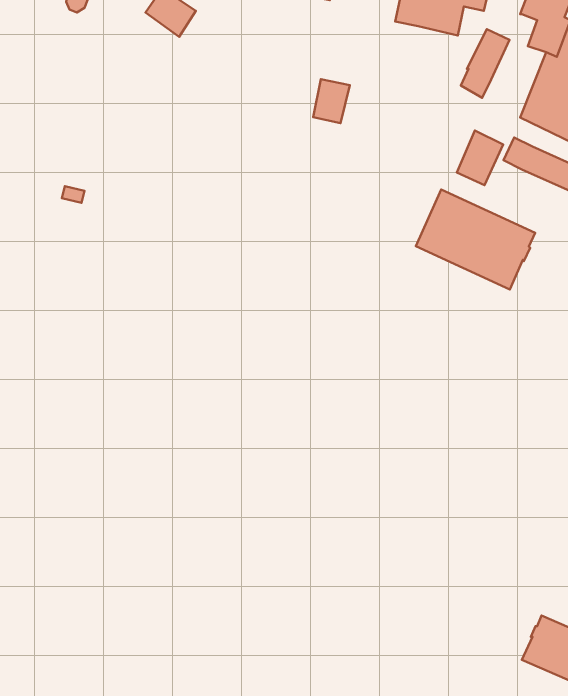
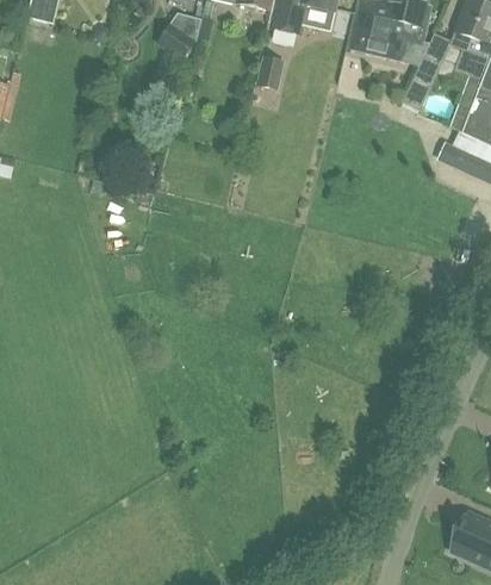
building: [313,79,350,123] -> [256,54,285,88]
building: [457,130,503,185] -> none
building: [416,190,535,290] -> none

